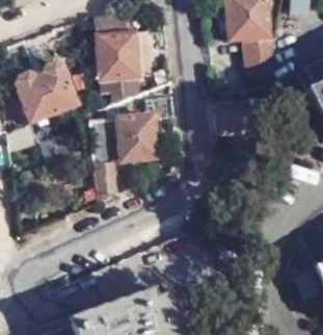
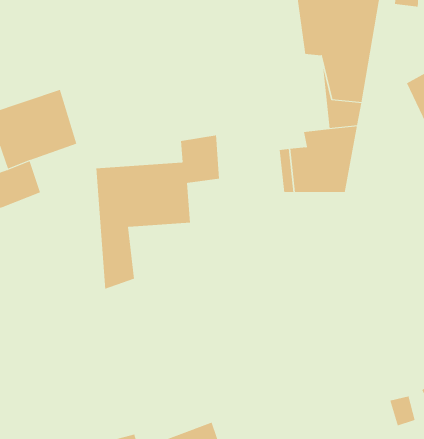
building: [95,9,139,101] -> none

